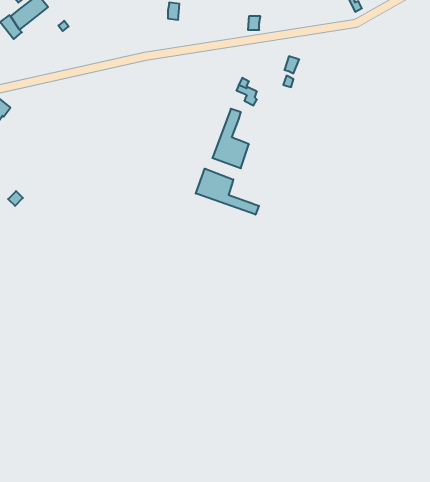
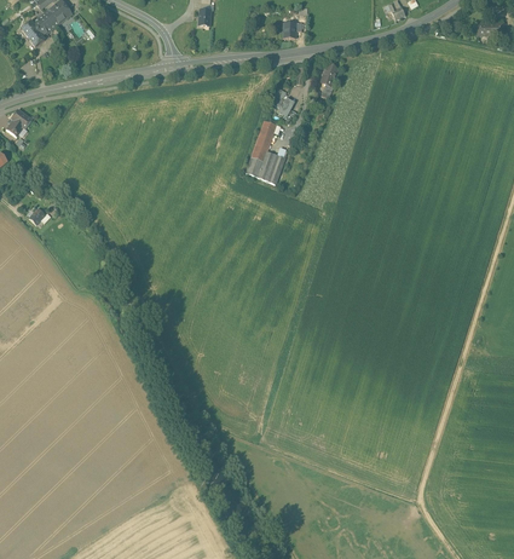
building: [196,169,259,215] -> none

